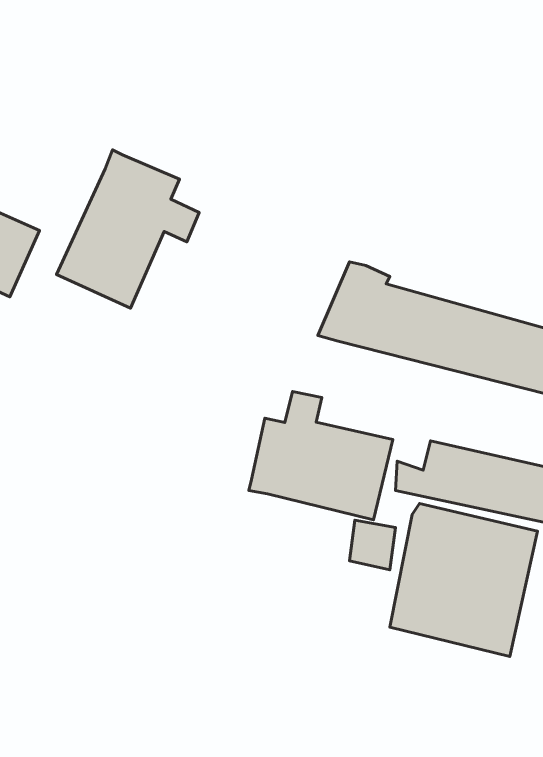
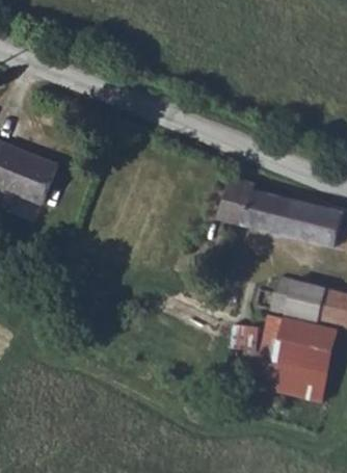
building: [56,150,199,308] -> none
building: [249,392,393,520] -> none

